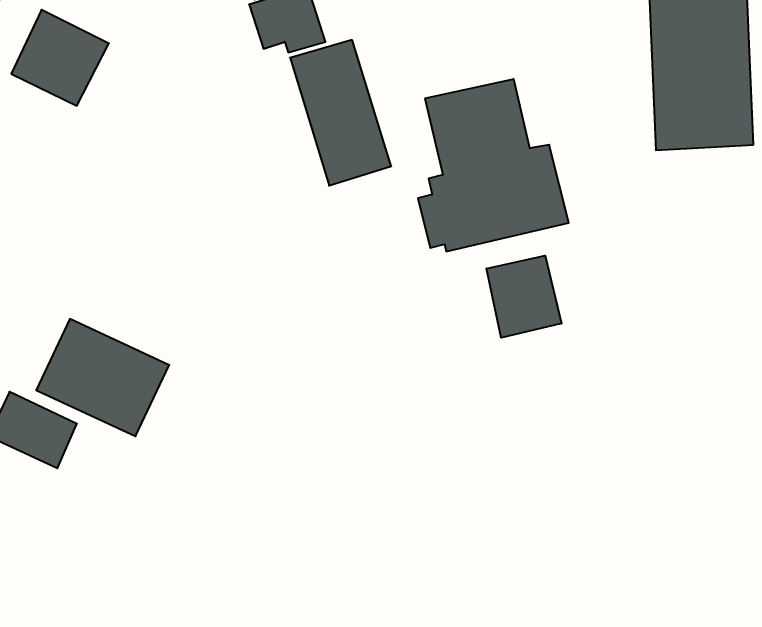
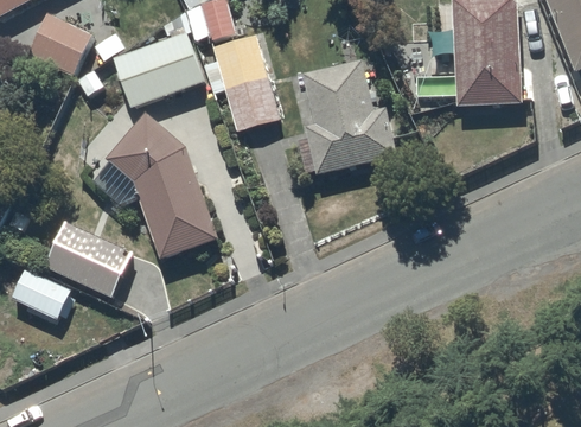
building: none -> [114,33,204,108]
building: none -> [92,111,218,260]
building: [486,256,562,338] -> none

